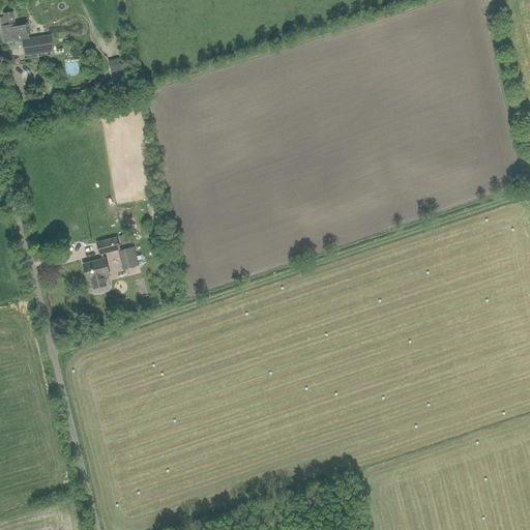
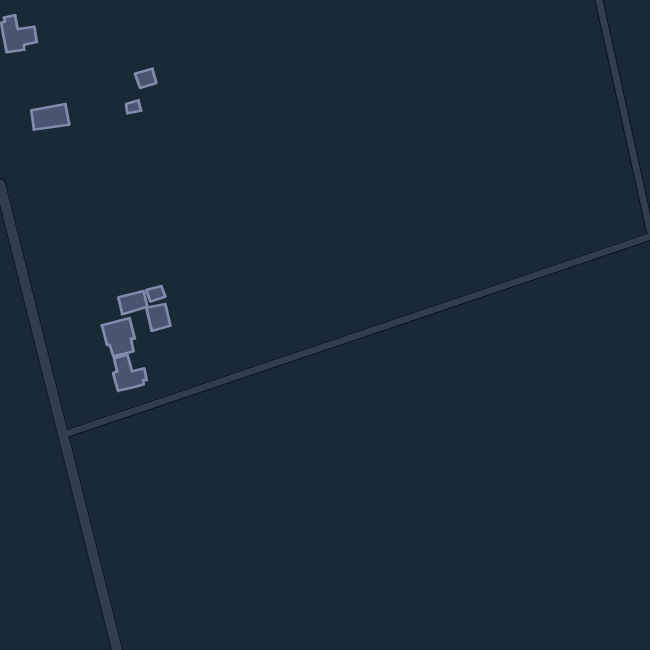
building: [23,35,54,56] -> [31,104,69,130]
building: none -> [113,355,147,391]

